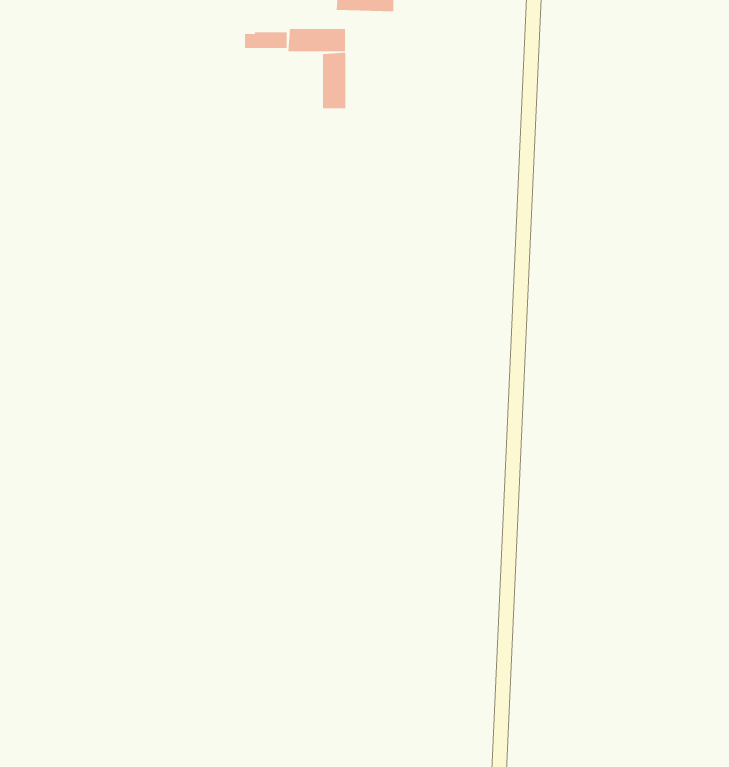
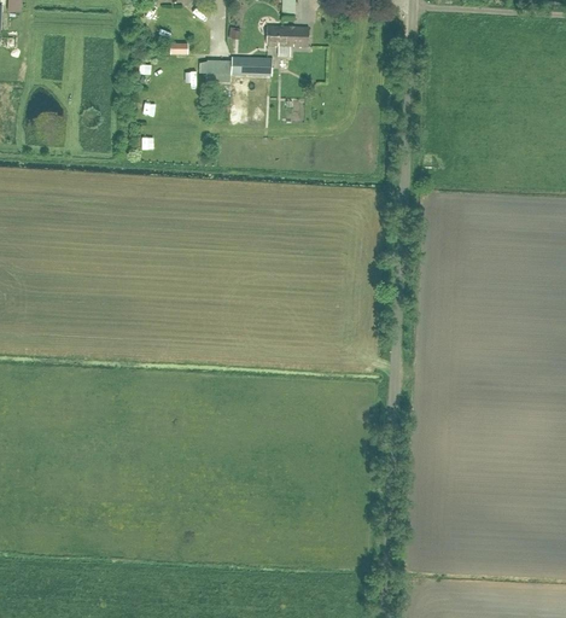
building: [322,52,346,109] -> none

